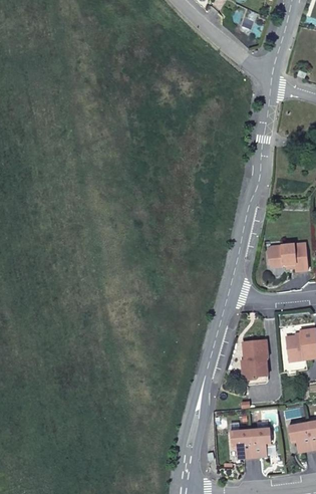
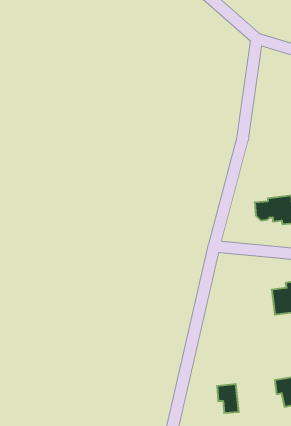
building: [242,340,268,381] -> none
building: [249,429,270,459] -> none

